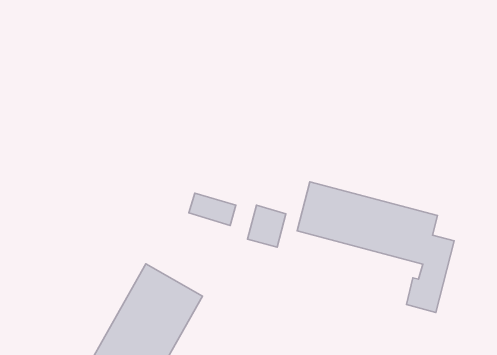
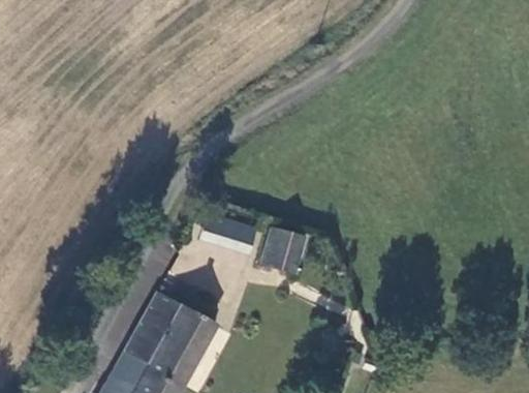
building: [297,182,454,312] -> none

